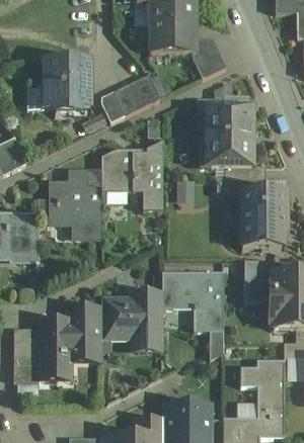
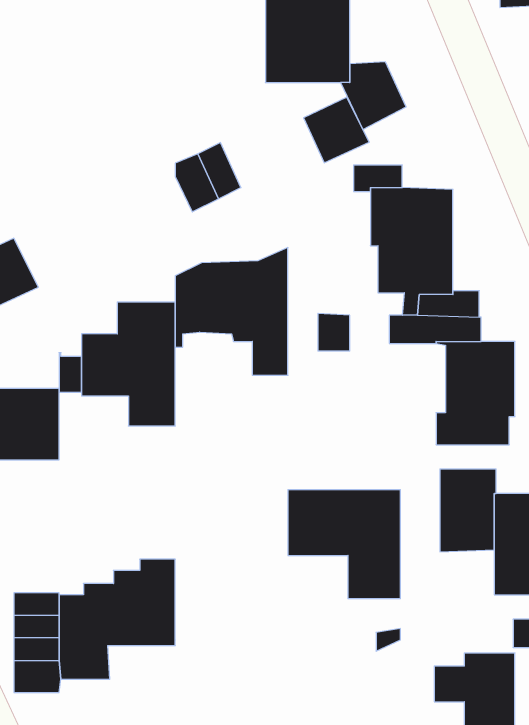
building: [41,61,88,114] -> none
building: [125,74,160,109] -> [304,97,369,163]
building: [100,293,162,353] -> none

